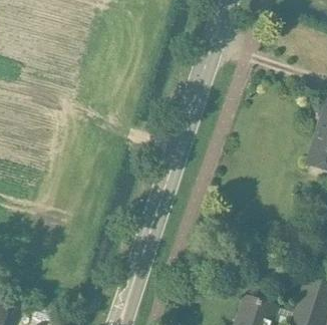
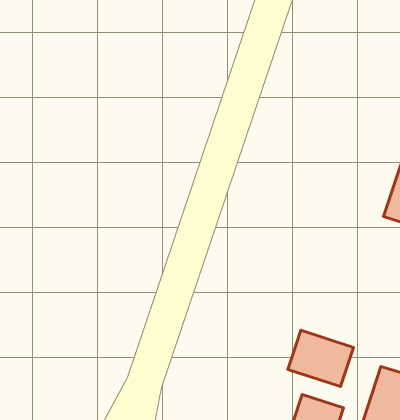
building: none -> [288,330,353,387]

